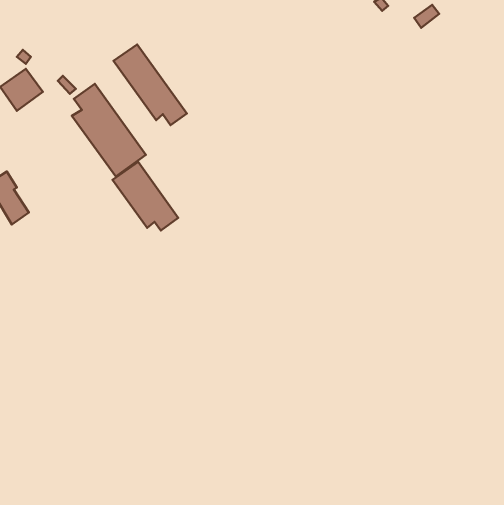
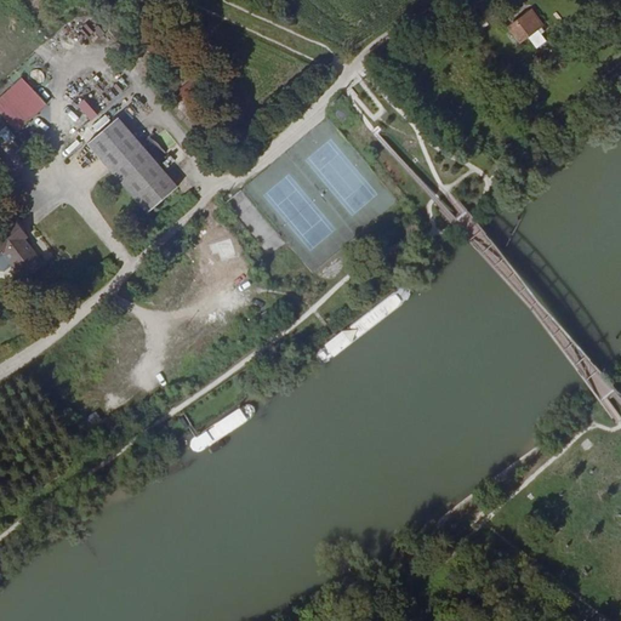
building: [113,44,187,125] -> none
building: [113,162,178,230] -> none

